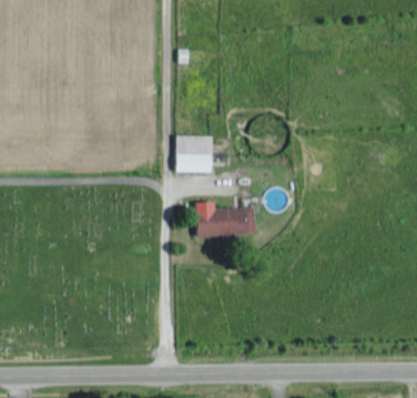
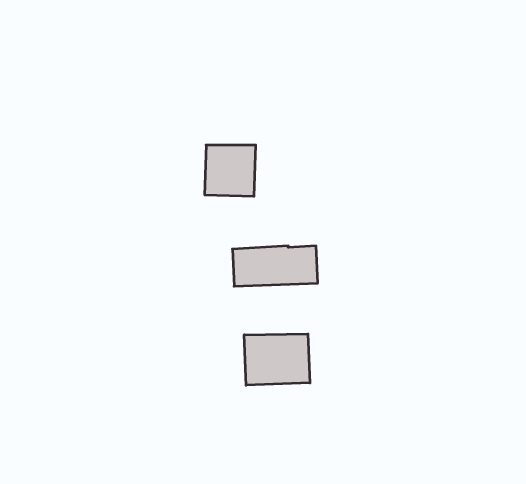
building: none -> [244,334,310,385]

